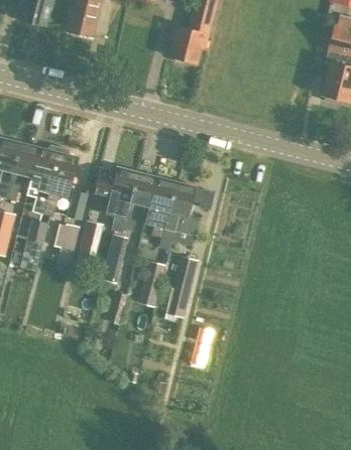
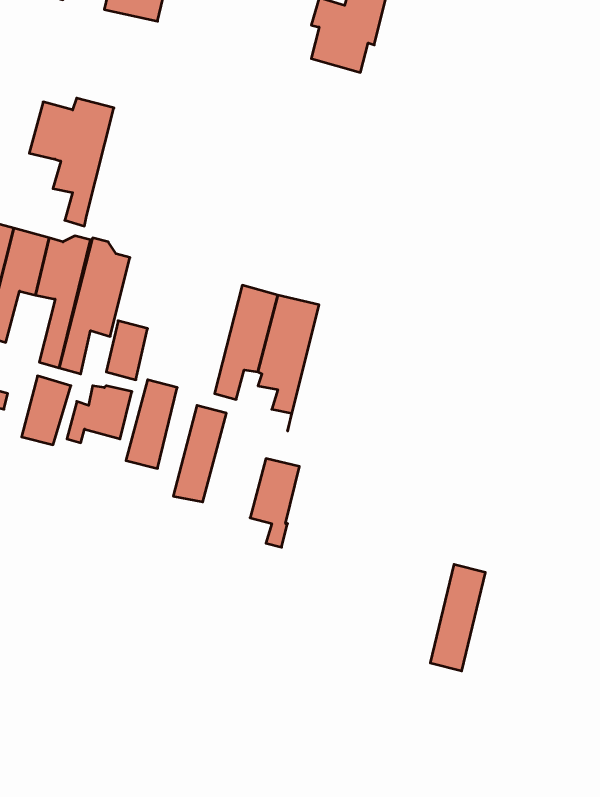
building: [93,167,136,233] -> [29,98,114,226]
building: [159,182,198,249] -> none
building: [170,256,199,310] -> [430,564,485,671]

